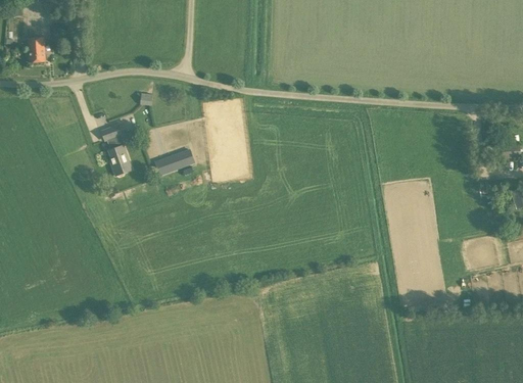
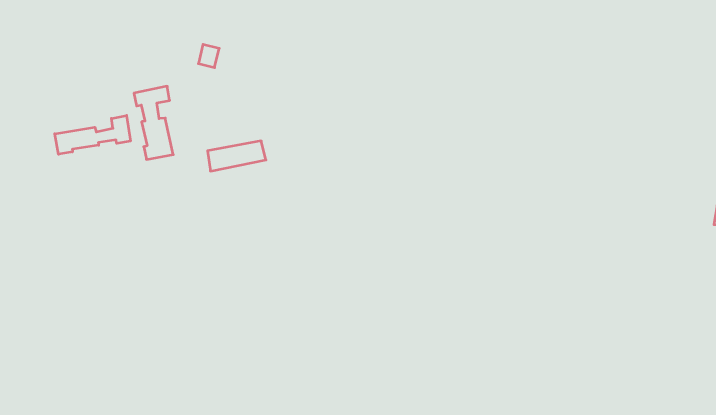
building: none -> [55,115,130,154]

